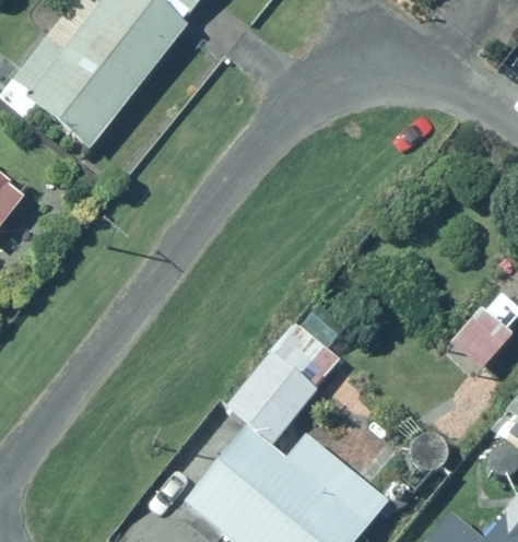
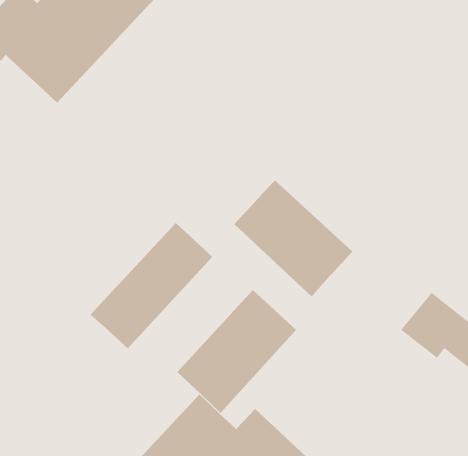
building: none -> [233,179,353,298]
building: none -> [89,222,213,349]

